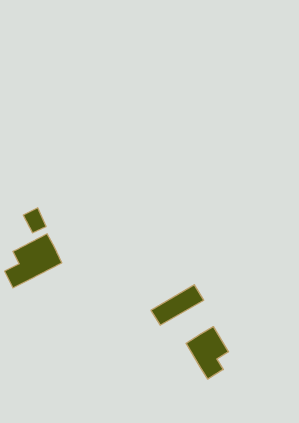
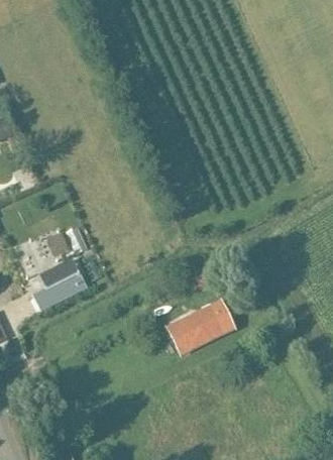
building: [186,327,228,379] -> none

